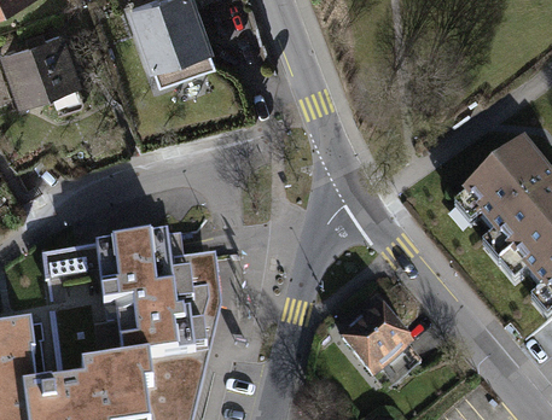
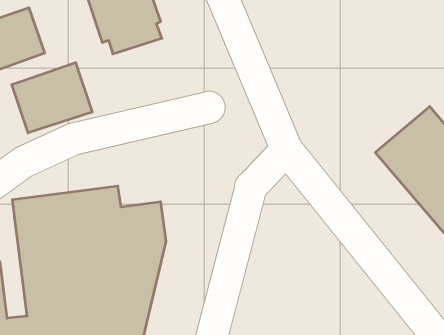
building: none -> [12,63,92,133]
building: [338,307,422,392] -> none

